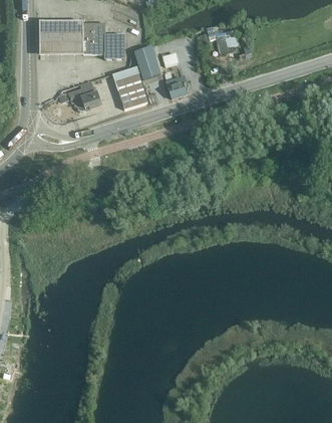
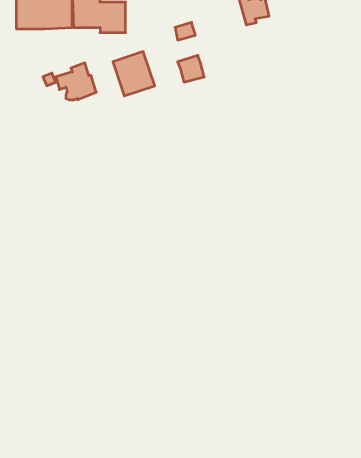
building: [134,45,160,77] -> none

